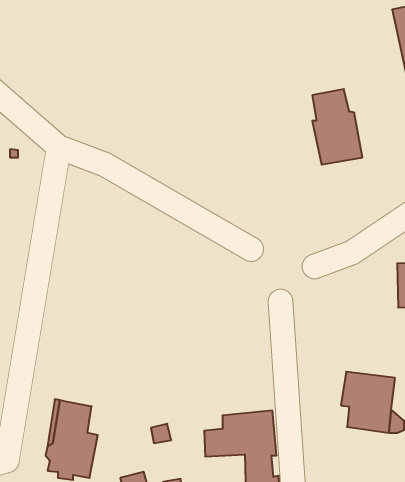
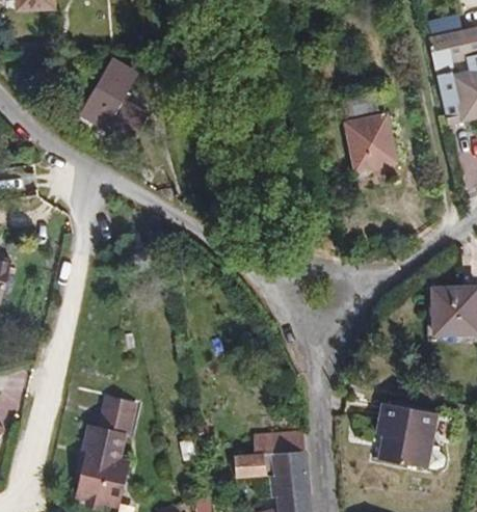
building: none -> [79,63,147,147]
building: none -> [96,397,133,434]

